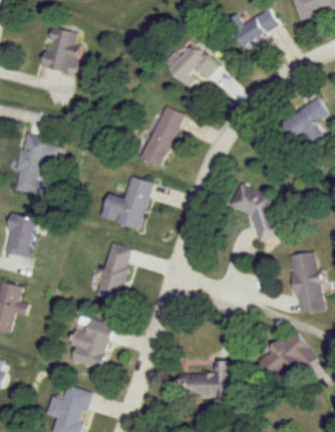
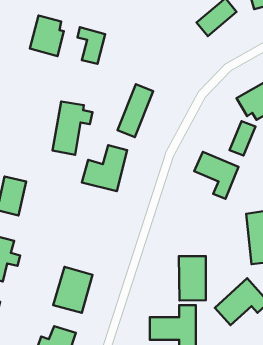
building: none -> [77,27,105,64]
building: [169,43,220,86] -> none
building: [14,132,60,193] -> [53,102,93,155]
building: none -> [230,121,255,156]
building: [97,242,132,301] -> none
building: none -> [179,256,206,300]

